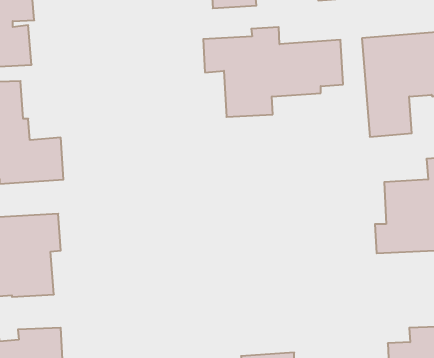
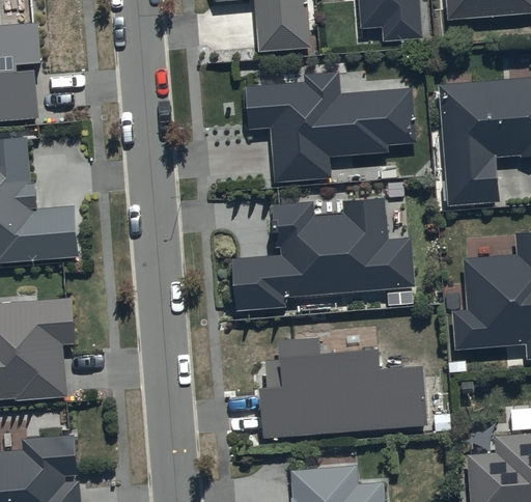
building: none -> [232,199,414,310]
building: none -> [260,339,426,438]

